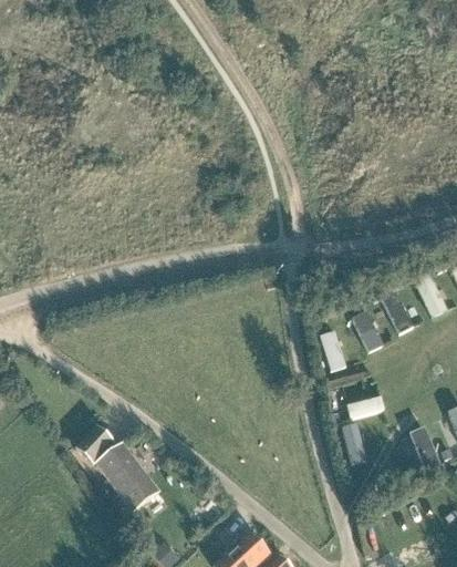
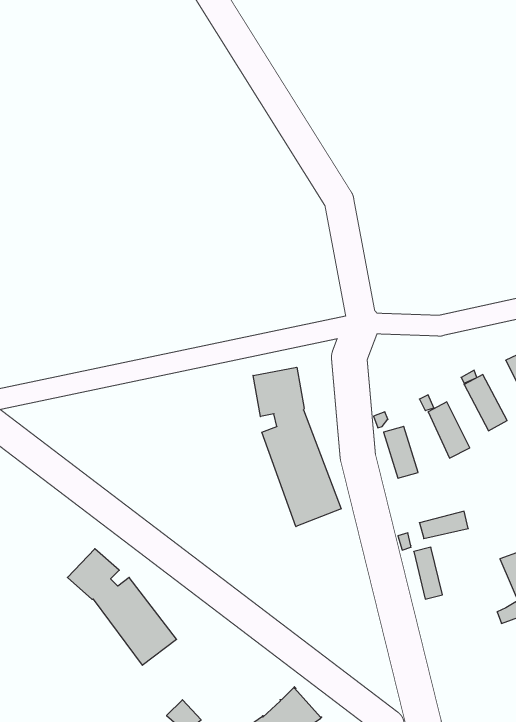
building: none -> [253,367,341,527]

